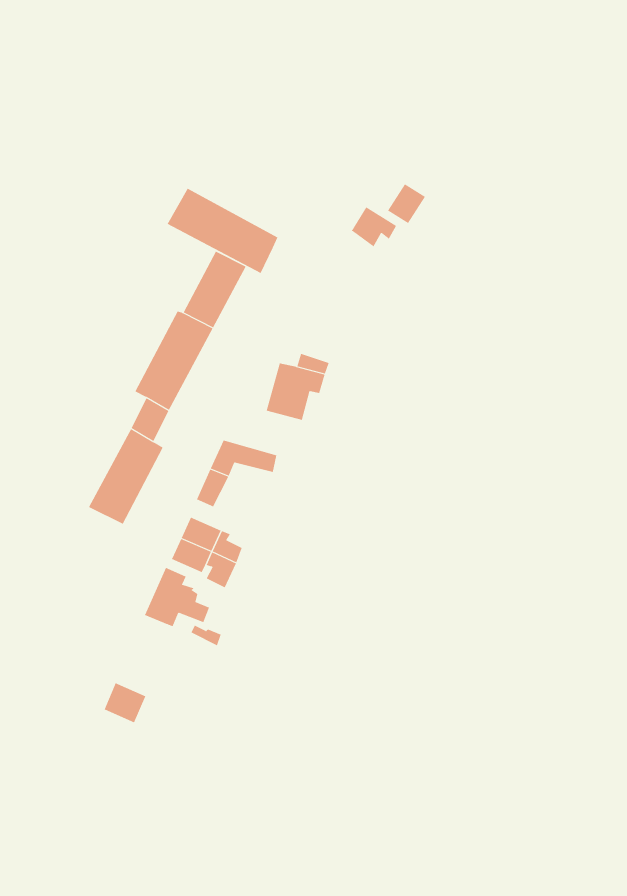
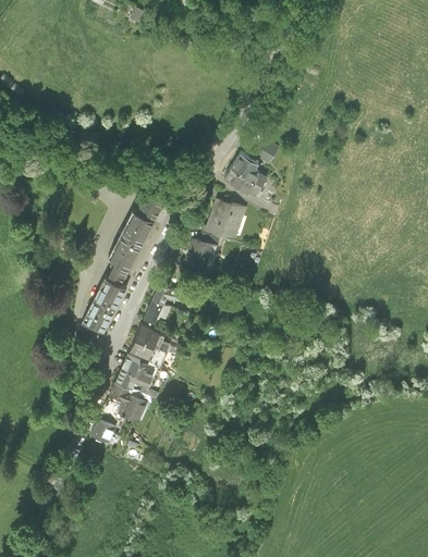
building: [167,188,278,274] -> none
building: none -> [225,166,267,197]
building: none -> [207,199,247,238]
building: none -> [110,383,147,422]

